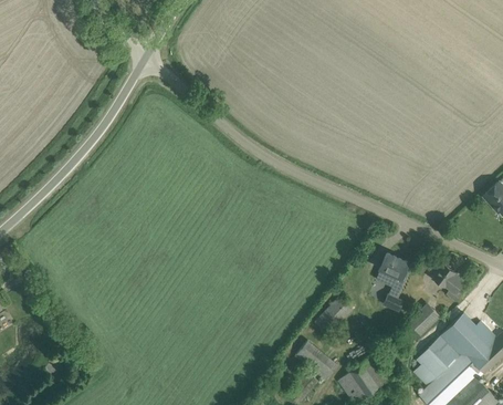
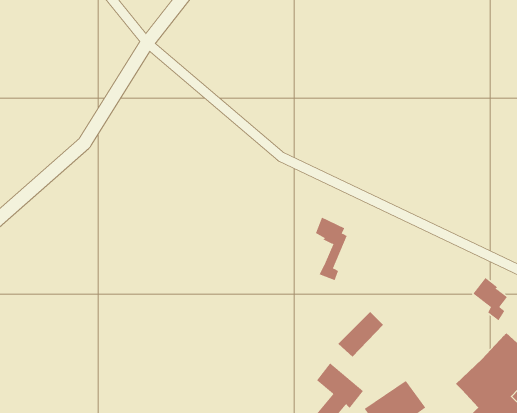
building: [380,253,409,310] -> [315,217,348,281]
building: [407,302,440,335] -> none

